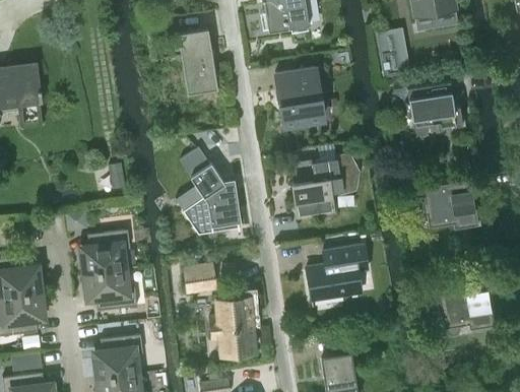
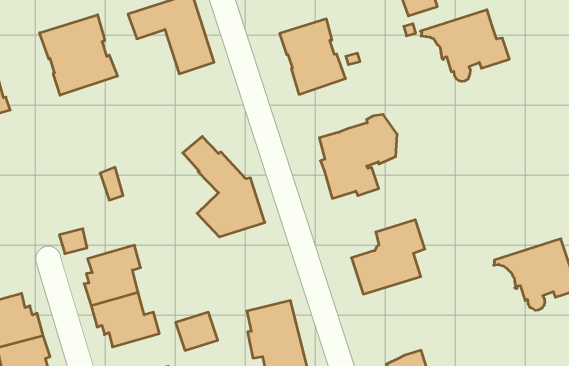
building: none -> [40,15,117,95]
building: [419,180,477,227] -> none
building: [184,265,216,293] -> [176,312,218,350]

